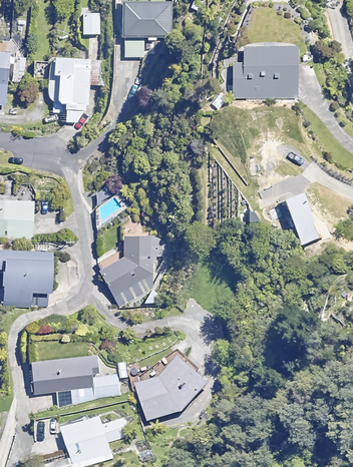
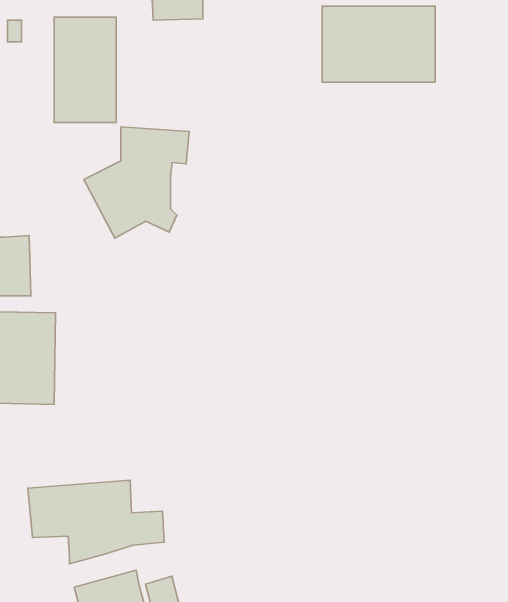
building: [287,193,321,244] -> none
building: [99,233,167,306] -> [84,127,189,238]
building: [137,354,209,418] -> none

